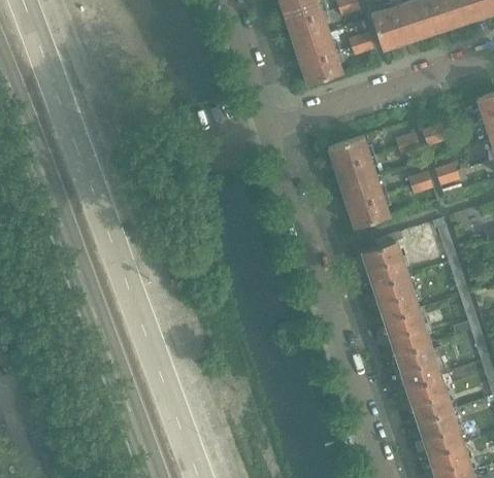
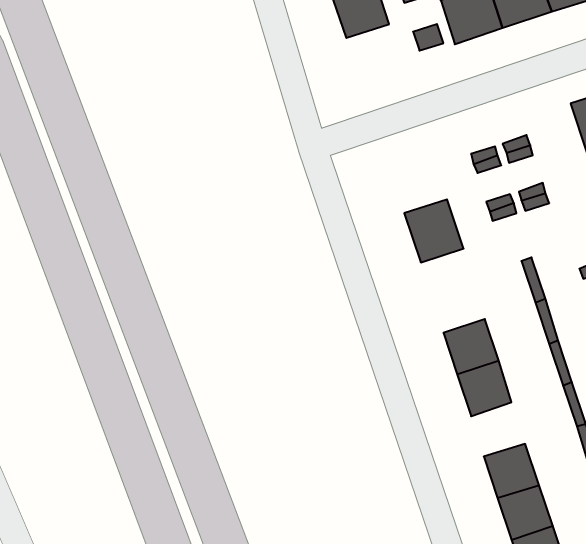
building: [294,33,342,84] -> none
building: [328,136,376,187] -> none
building: [362,240,407,285] -> none
building: [396,342,440,386] -> none

